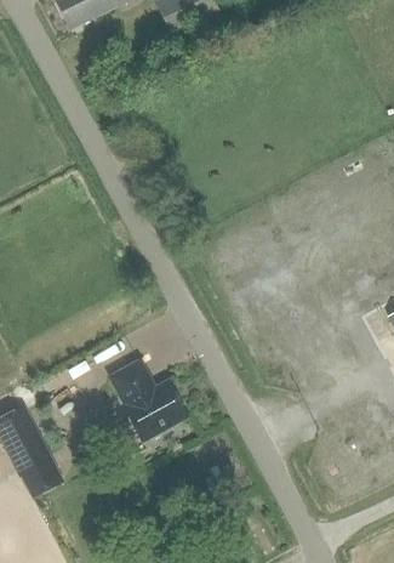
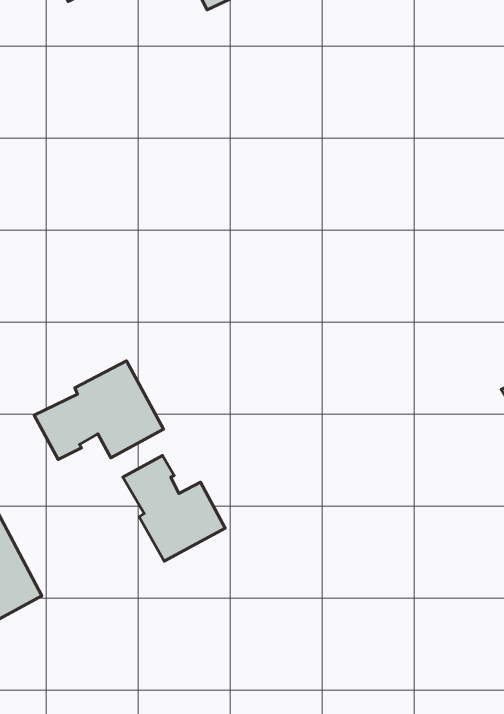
building: none -> [34,361,163,460]

